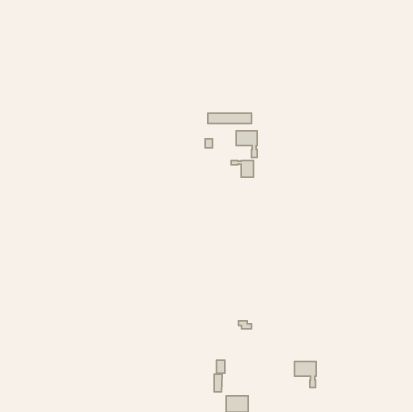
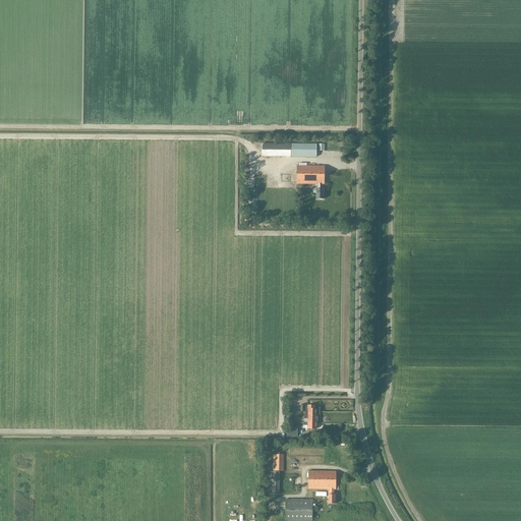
building: [231,160,254,177] -> none
building: [294,362,316,388] -> [308,470,336,503]

